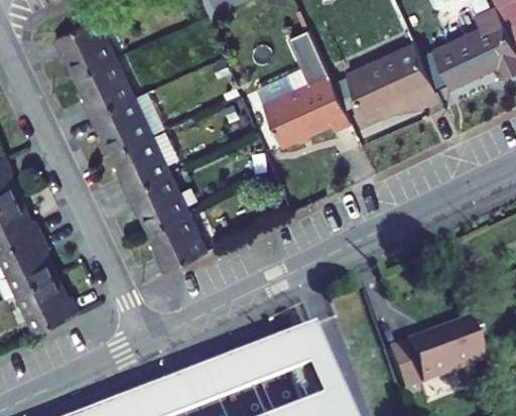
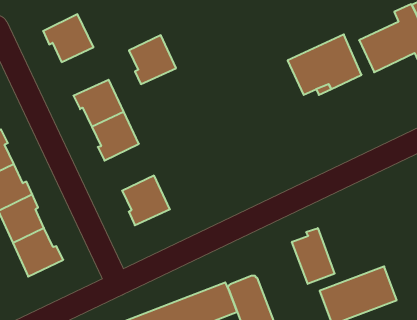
building: [263,28,350,145] -> none
building: [76,57,132,116] -> [129,35,176,84]
building: [127,173,186,230] -> none
building: none -> [292,228,335,284]

